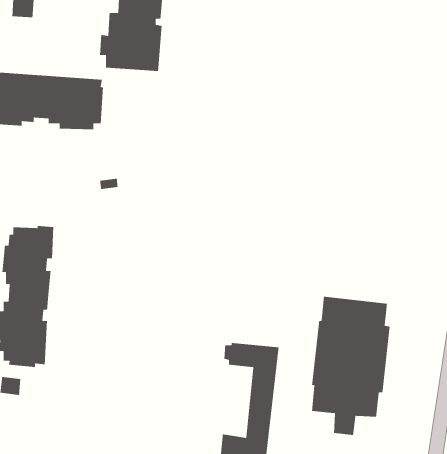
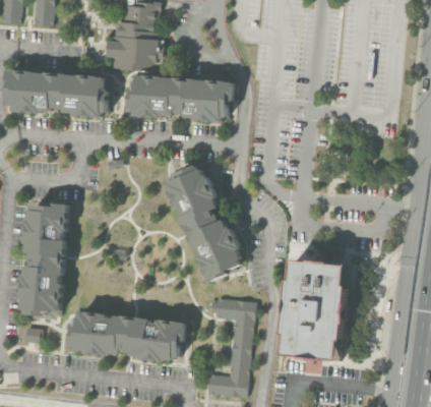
building: none -> [128,77,233,125]
building: none -> [164,166,240,285]
building: none -> [70,306,187,360]

